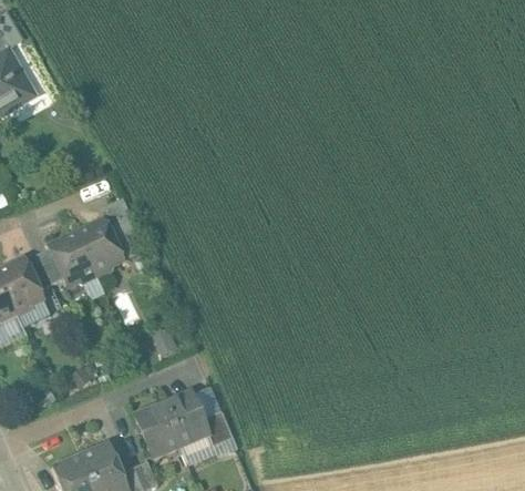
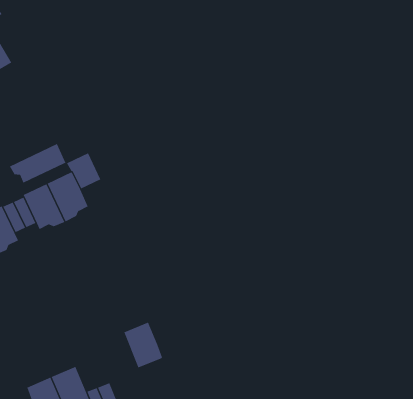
building: none -> [9,143,66,184]
building: [133,405,178,458] -> none
building: [202,411,231,447] -> none

